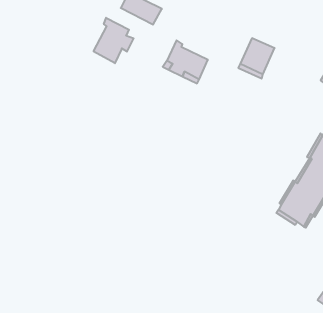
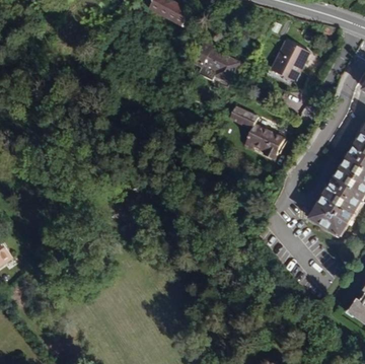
building: [94,18,134,63] -> none
building: none -> [229,105,284,159]

